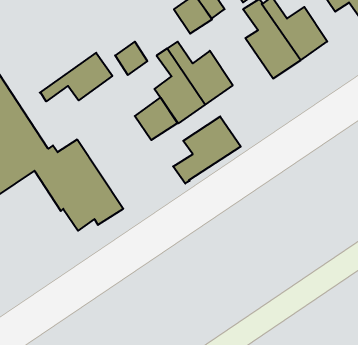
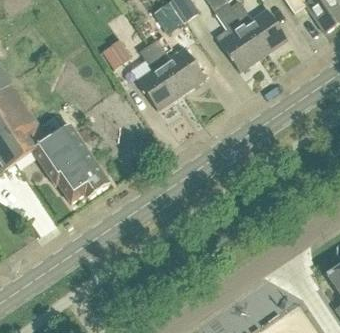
building: [40,53,112,101] -> none
building: [135,98,178,140] -> none
building: [173,116,241,184] -> none

